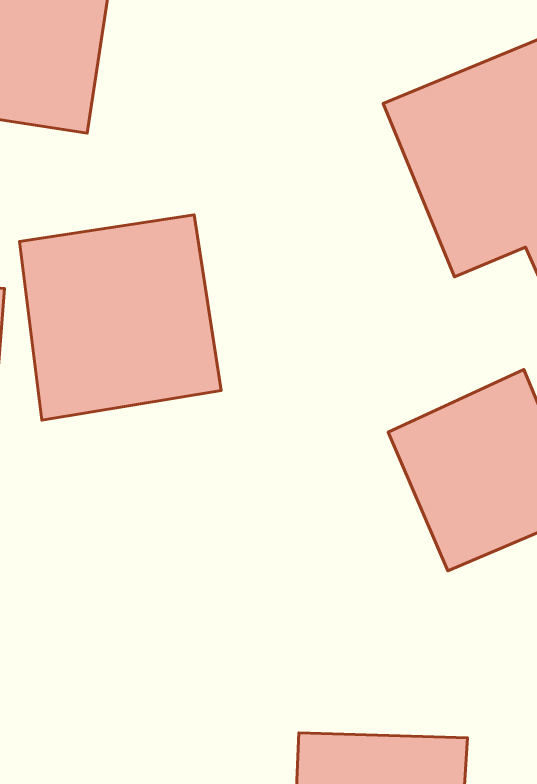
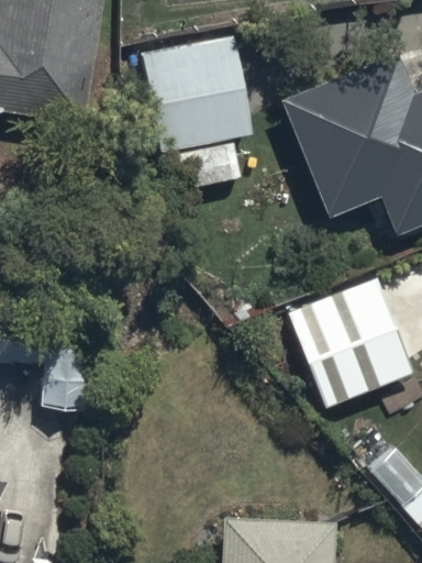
building: none -> [144,40,253,192]
building: [20,215,221,420] -> none

